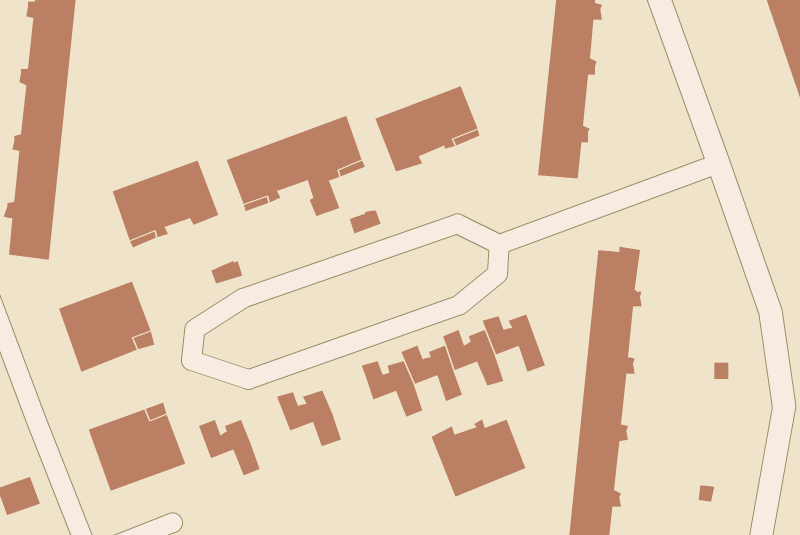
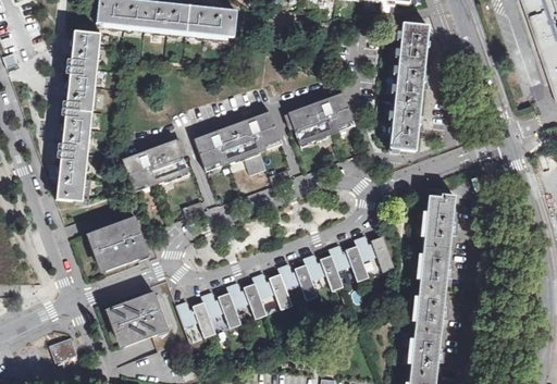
building: none -> [252,274,293,310]
building: none -> [202,294,239,329]
building: [431,419,526,497] -> none

